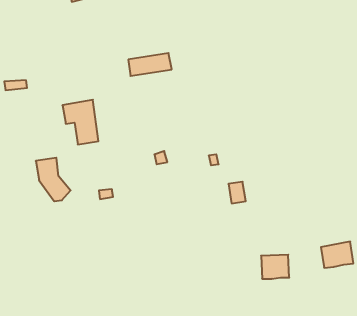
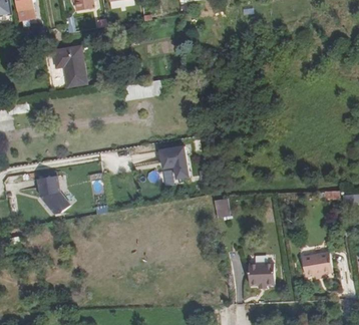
building: [62,100,98,144] -> [52,46,85,87]
building: none -> [158,145,188,182]

